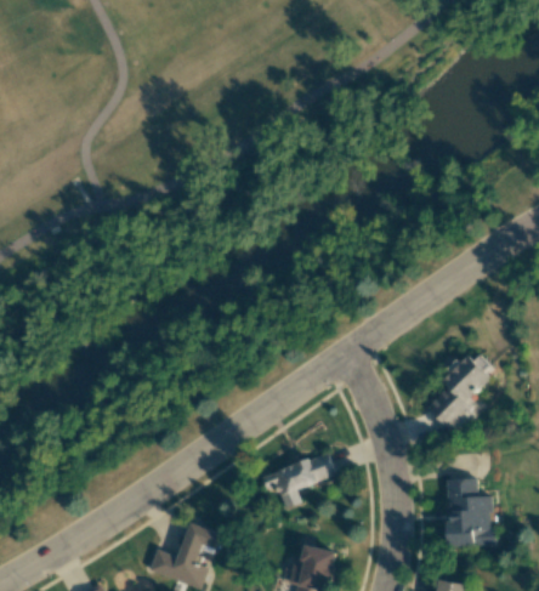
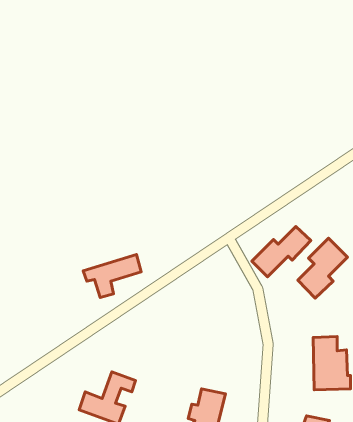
building: none -> [252,226,311,277]
building: [261,454,335,508] -> [83,255,141,298]

